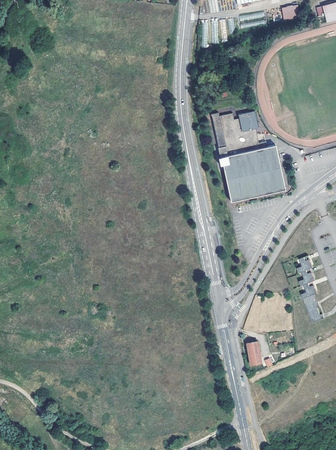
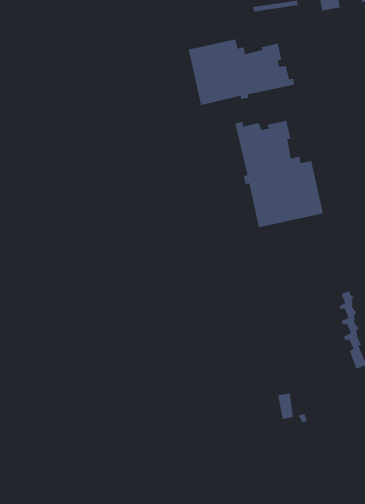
building: none -> [188,39,295,106]

